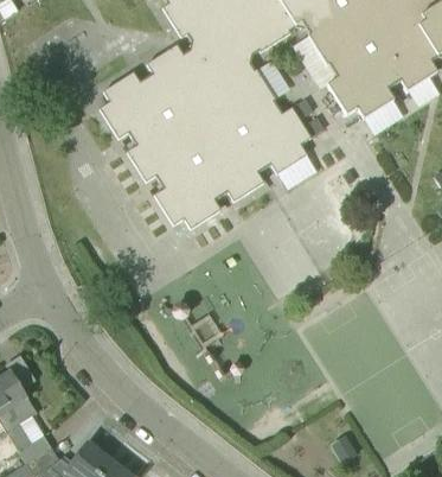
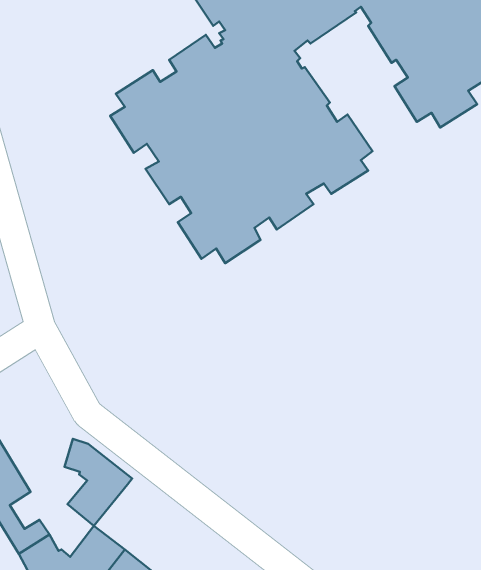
building: none -> [65,439,132,526]

